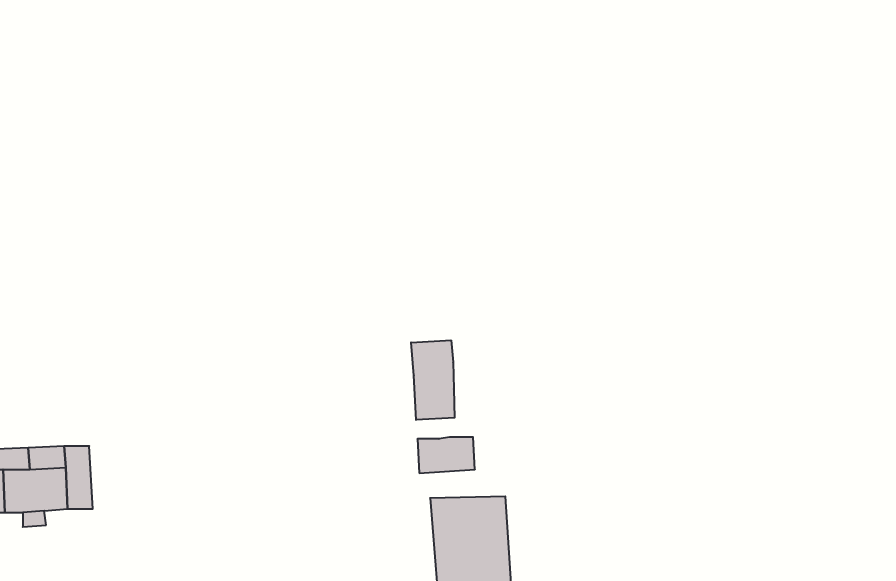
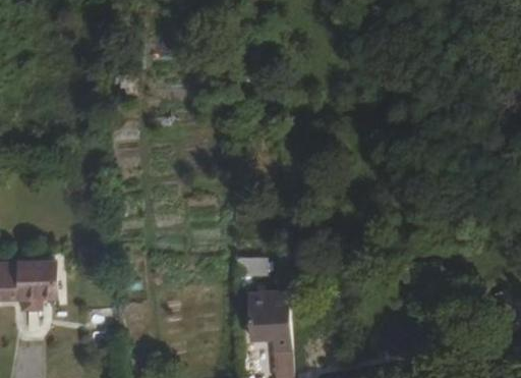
building: [411,340,455,420] -> none

